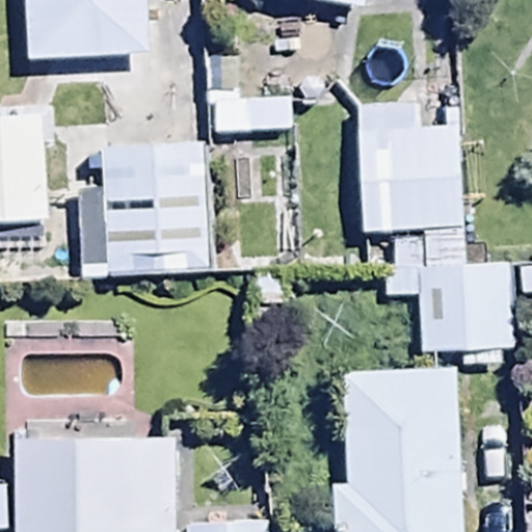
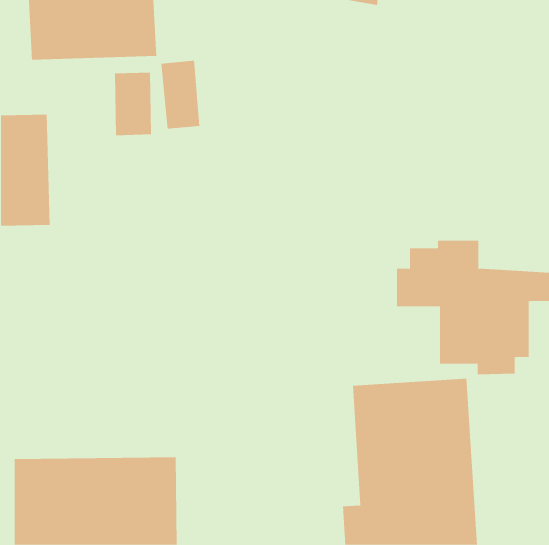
building: [357,101,467,231] -> none
building: [77,141,213,286] -> none

